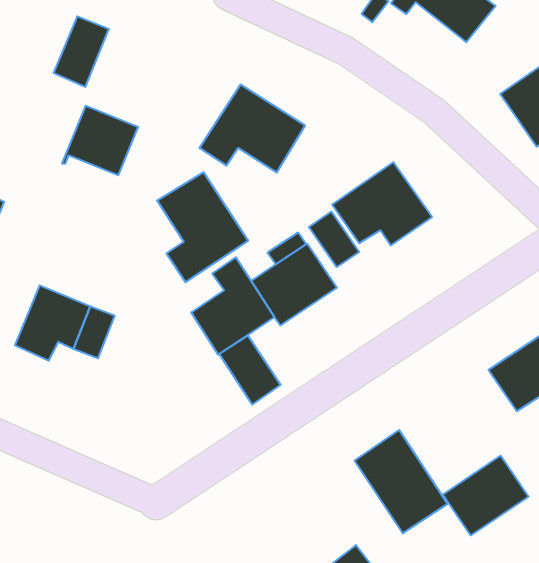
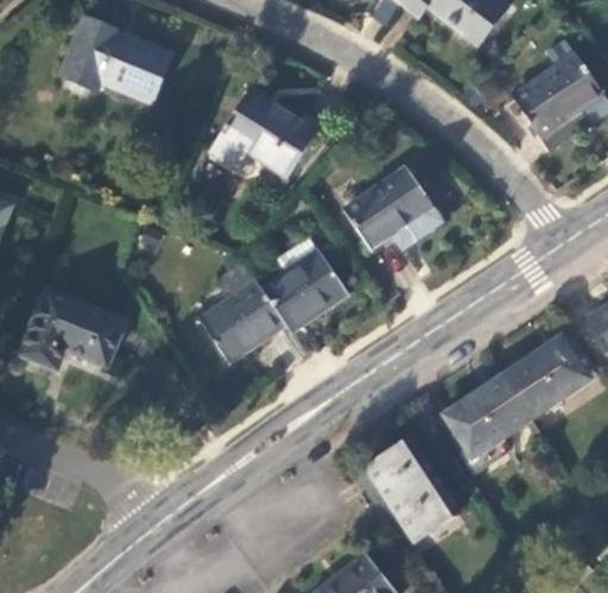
building: [62,106,138,175] -> [93,32,170,102]
building: [157,172,248,282] -> none
building: [309,212,359,267] -> none
building: [219,335,281,405] -> none
building: [443,456,529,535] -> [442,377,528,458]

